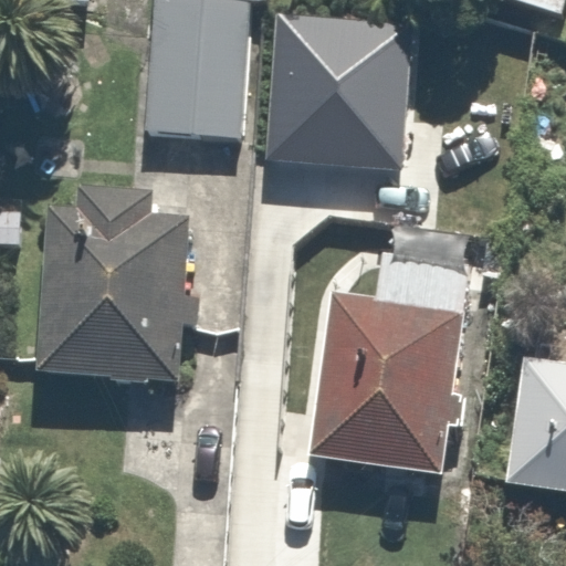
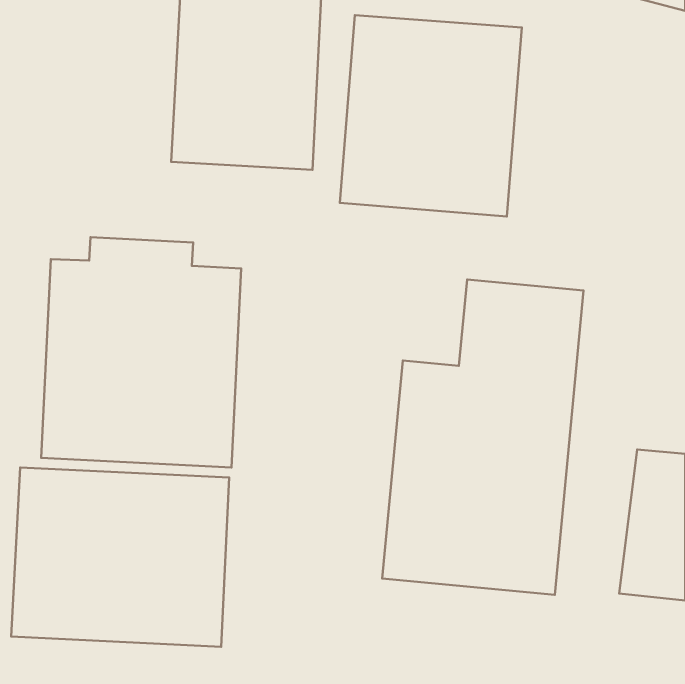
building: none -> [11,467,229,647]

